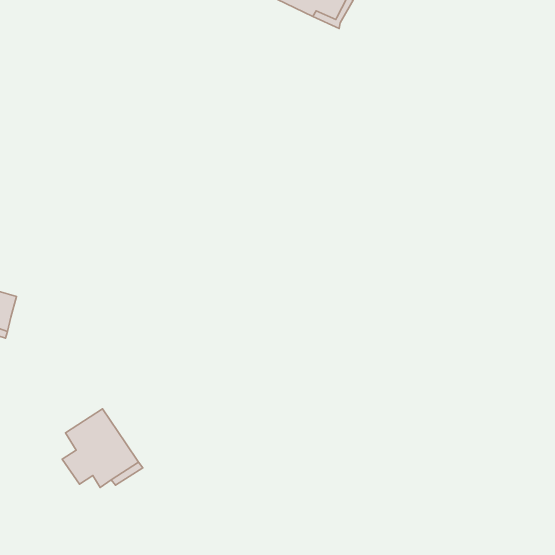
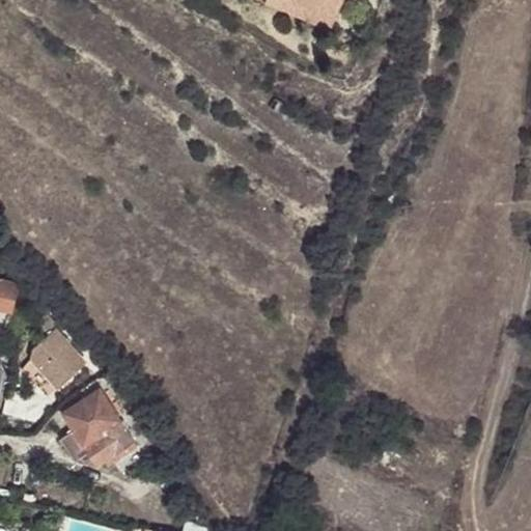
building: none -> [27,329,85,389]

